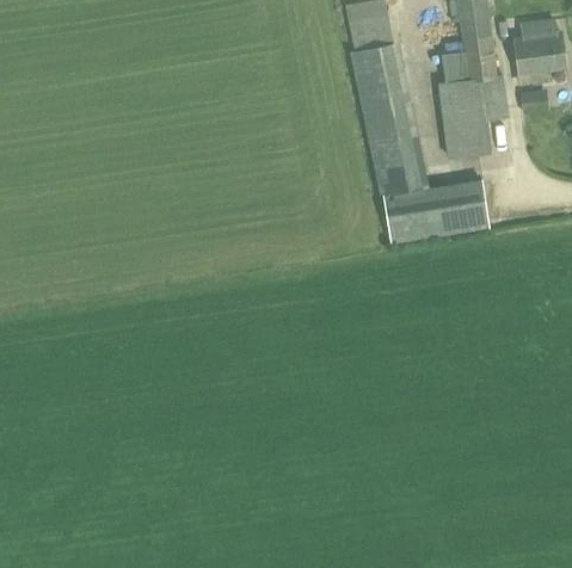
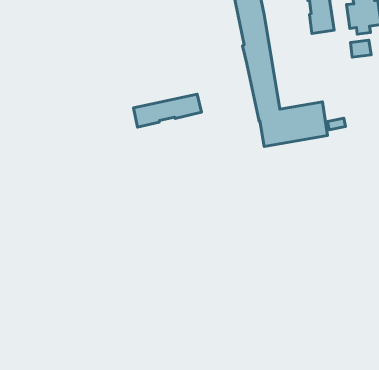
building: [437,74,508,159] -> none
building: none -> [133,94,201,127]

